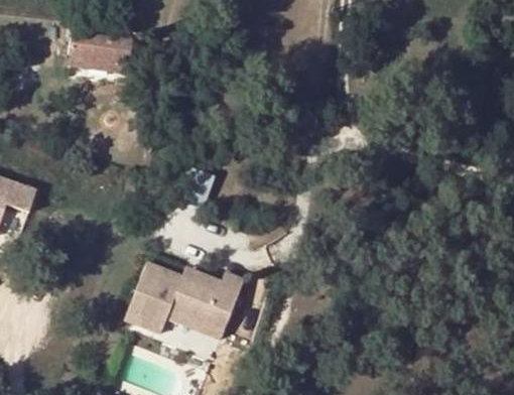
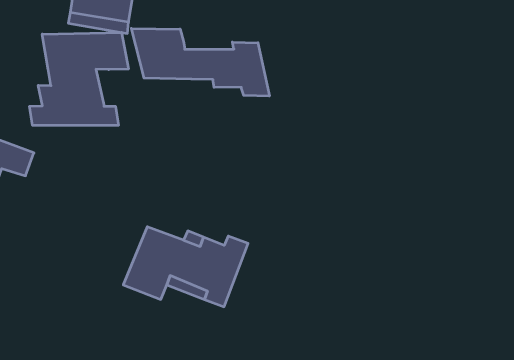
building: none -> [131,28,269,96]
building: none -> [30,32,128,125]

